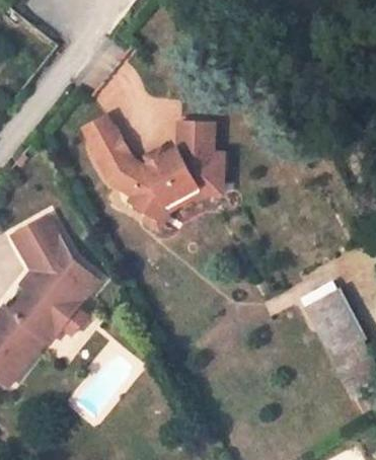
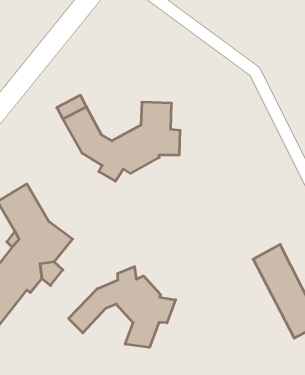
building: [143,183,220,228] -> none
building: none -> [69,267,176,347]

